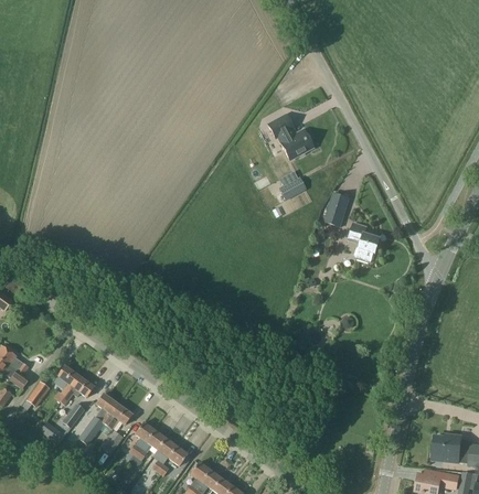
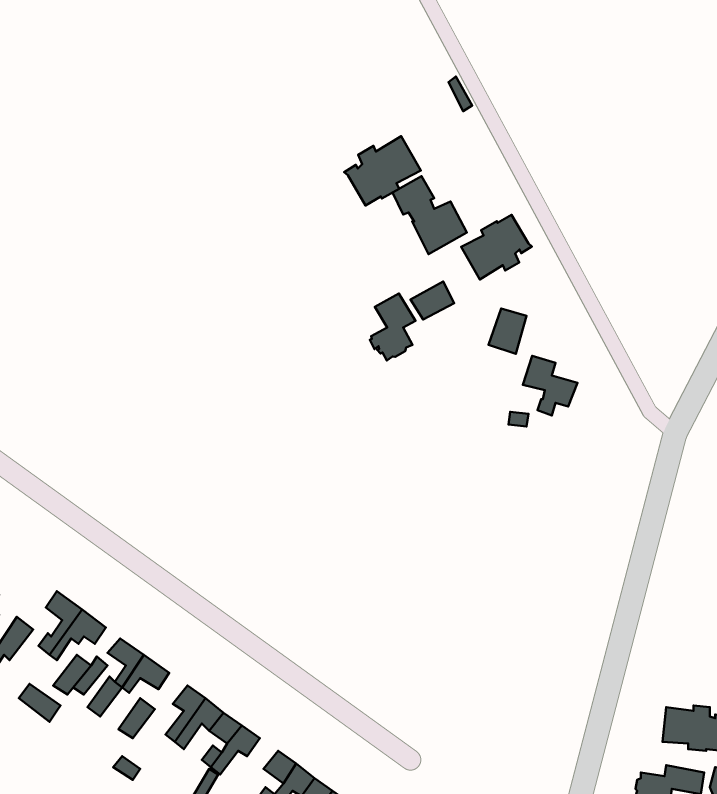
building: none -> [344,136,421,206]
building: none -> [461,215,532,279]
building: none -> [370,293,415,360]

